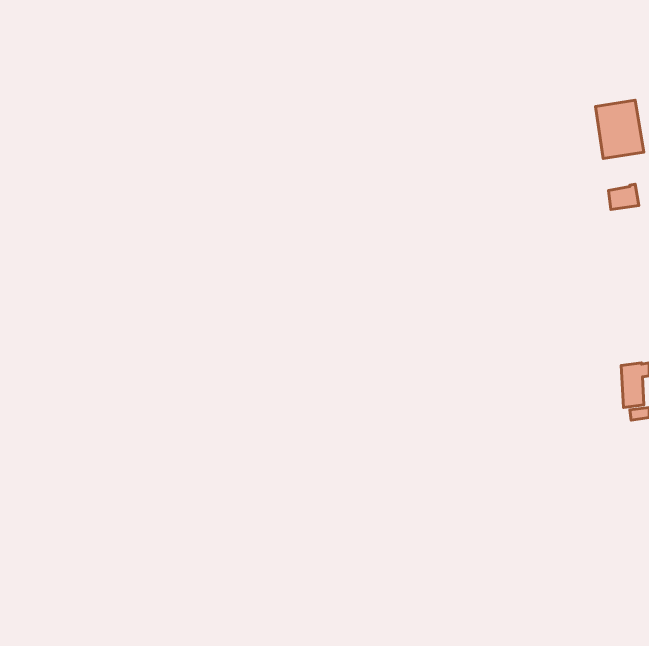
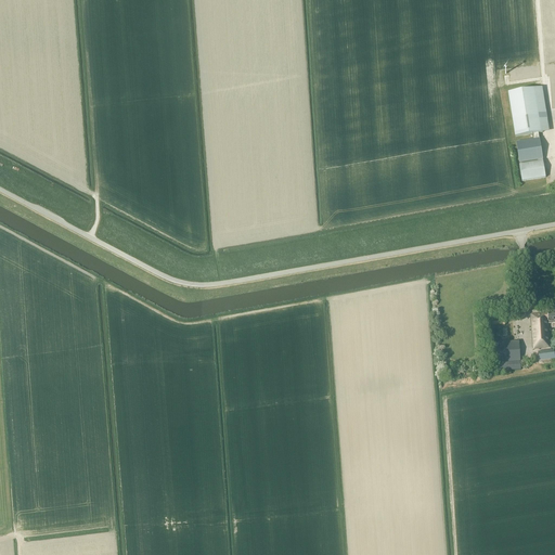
building: none -> [516,137,542,160]
building: none -> [492,339,520,370]

